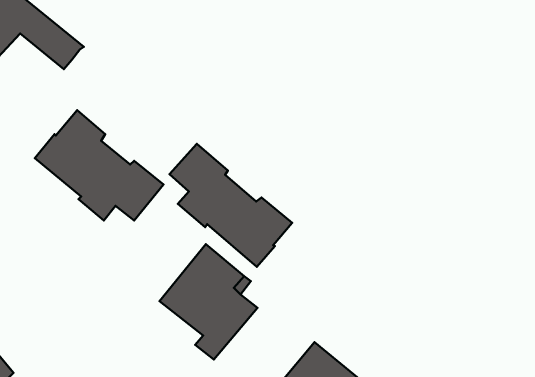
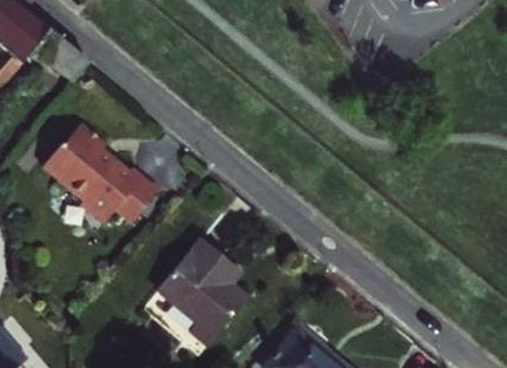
building: [170,144,292,267] -> none

